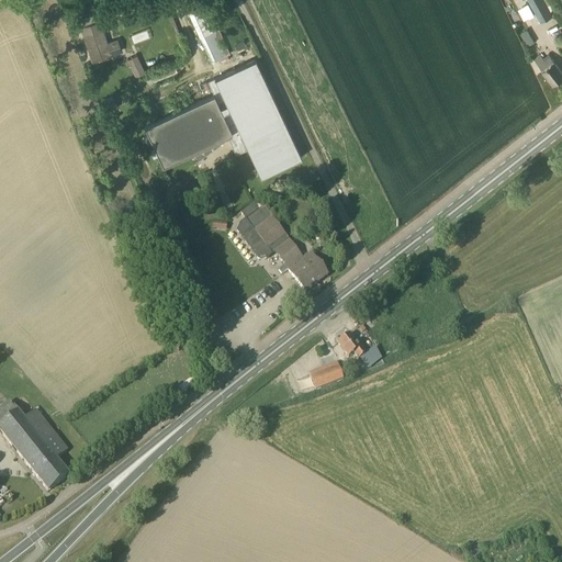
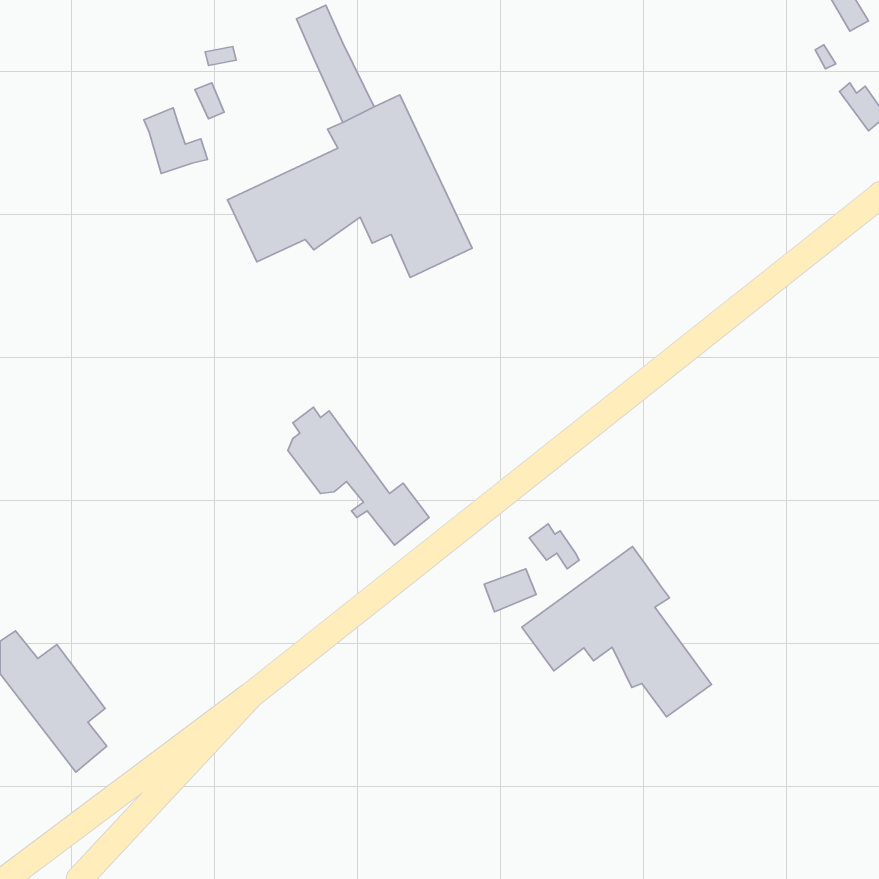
building: [82,19,123,60] -> [144,108,208,173]
building: [238,204,328,292] -> [288,407,429,545]
building: none -> [522,547,711,717]

